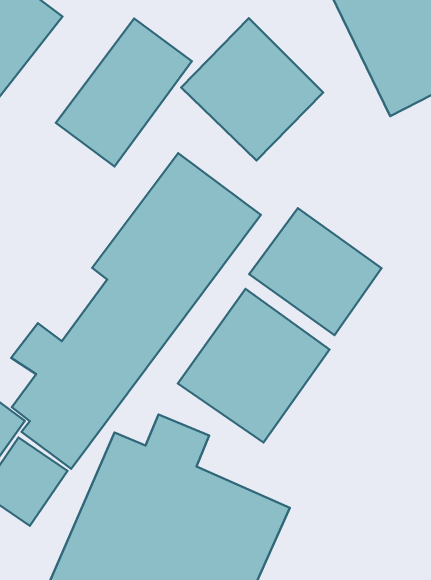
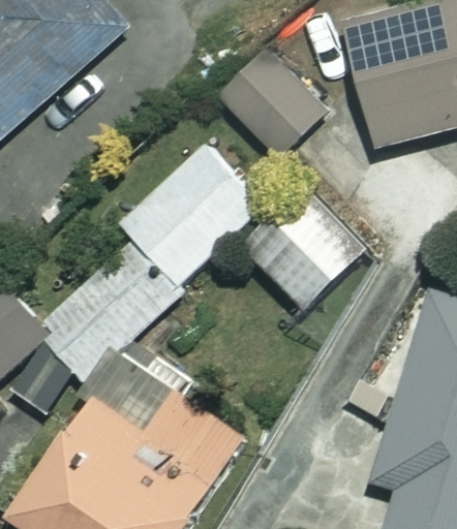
building: [56,19,192,167] -> none
building: [178,289,330,443] -> none

